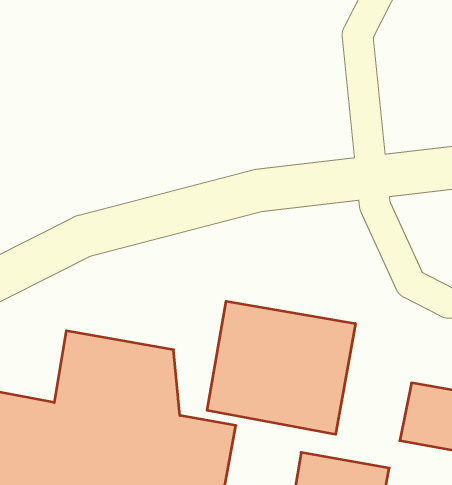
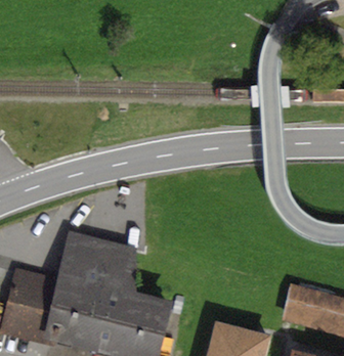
building: [207,301,355,434] -> none

